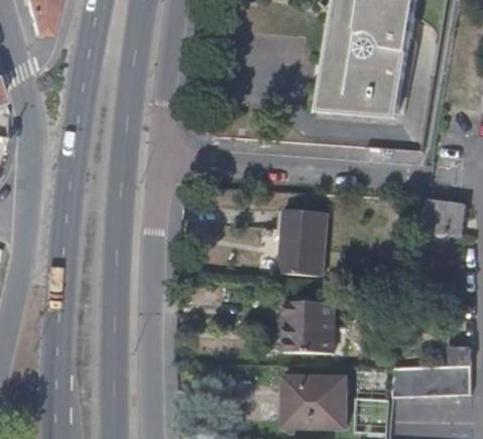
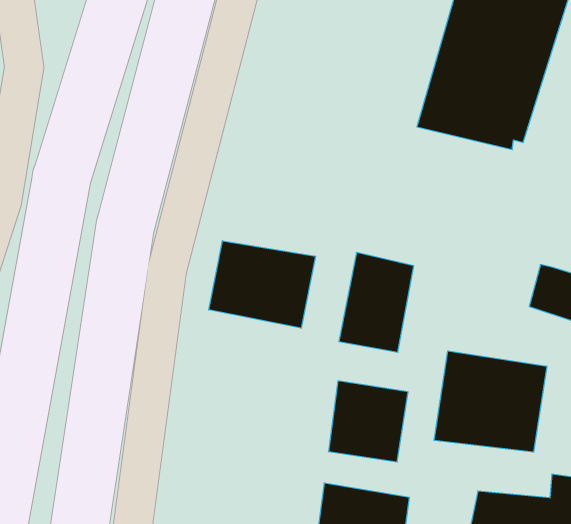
building: none -> [209,241,315,328]
building: none -> [434,351,547,452]

